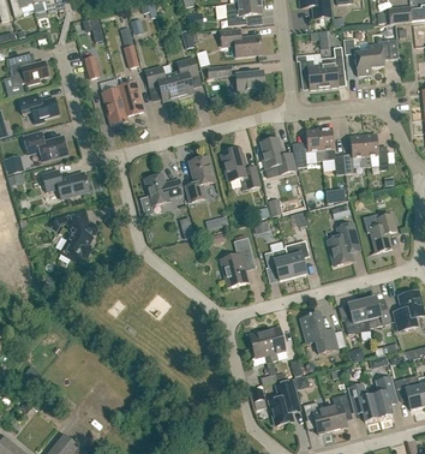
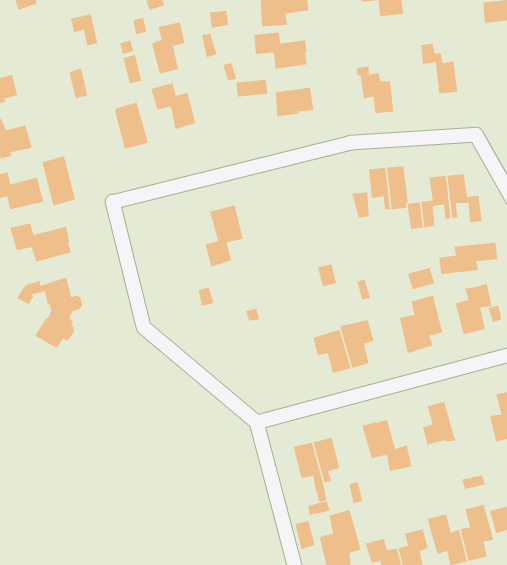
building: [367,36,399,73] -> none
building: [321,46,343,88] -> none
building: [173,58,198,96] -> [151,22,185,74]
building: [102,88,127,125] -> [42,156,76,206]
building: [261,137,295,174] -> none
building: [221,148,259,189] -> none
building: [144,174,182,205] -> none
building: none -> [439,242,498,275]
building: [220,237,255,286] -> none
building: [361,297,389,327] -> none

